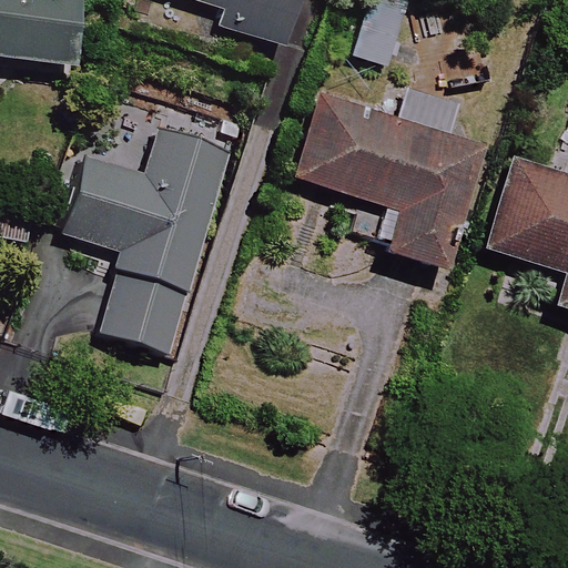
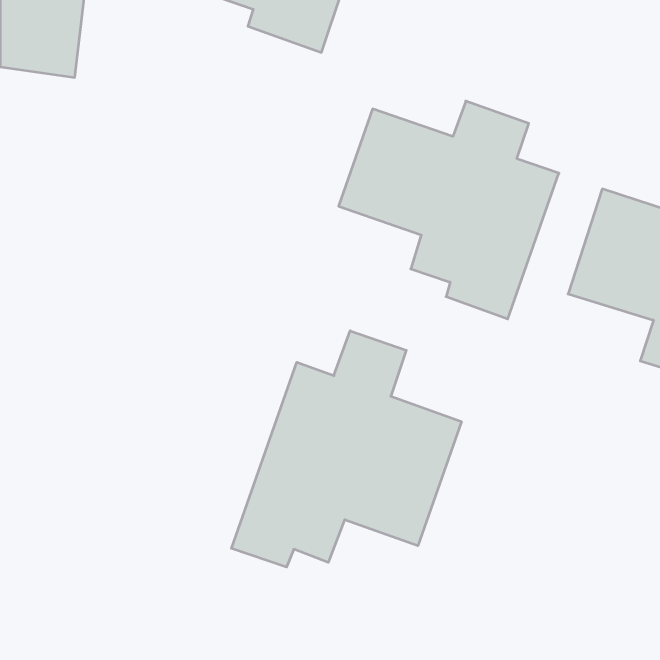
building: [64,126,231,351] -> none
building: none -> [231,331,461,567]

